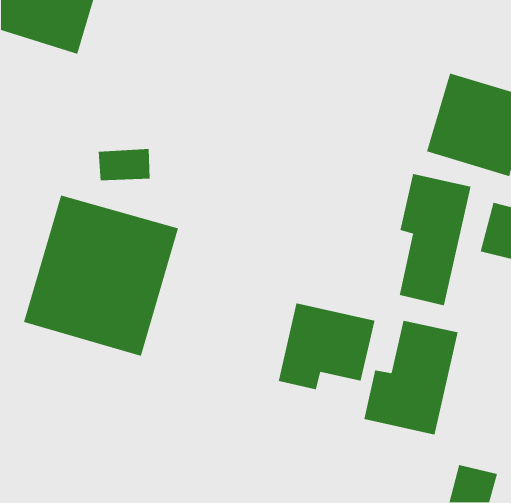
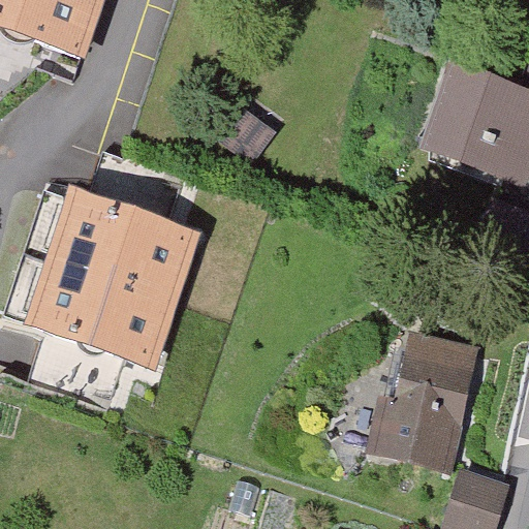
building: [399,173,471,306] -> none
building: [278,302,375,390] -> none

